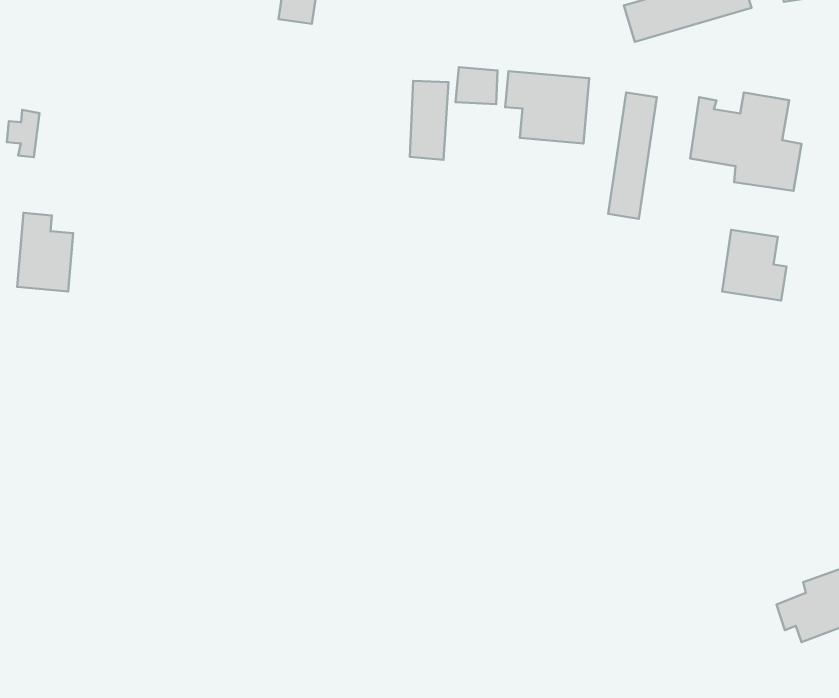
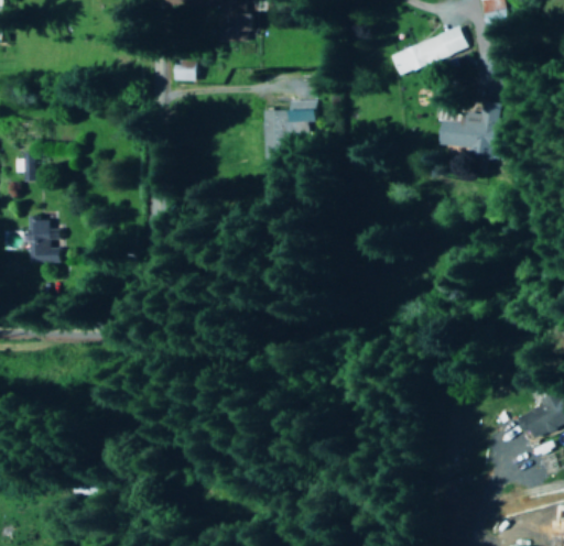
building: [505,71,589,144] -> none
building: [608,92,657,219] -> none
building: [722,230,786,300] -> none

